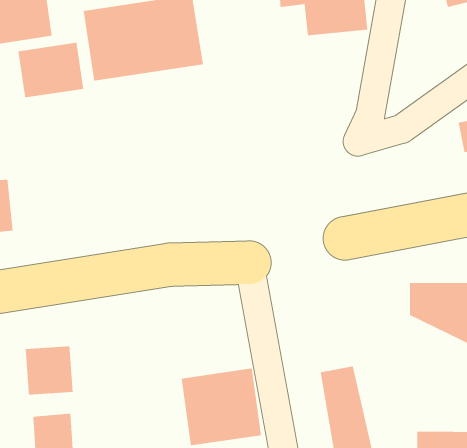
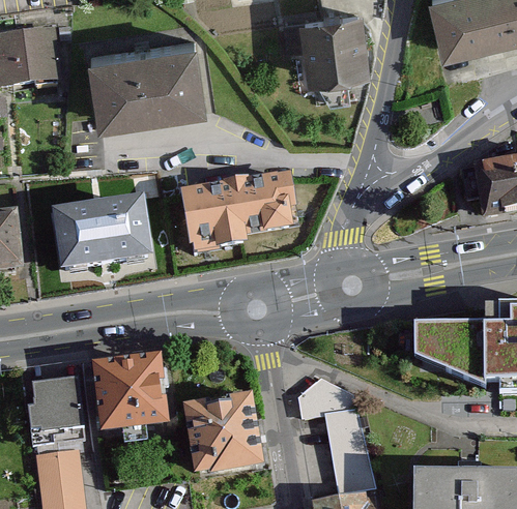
building: [18,42,84,98] -> none
building: none -> [183,174,295,250]
building: none -> [55,204,150,275]
building: none -> [90,357,166,428]
building: none -> [296,373,355,414]

